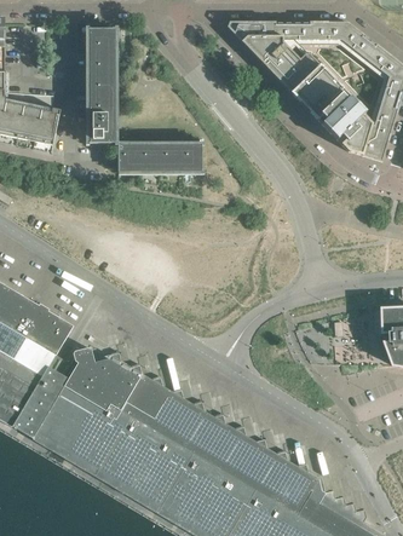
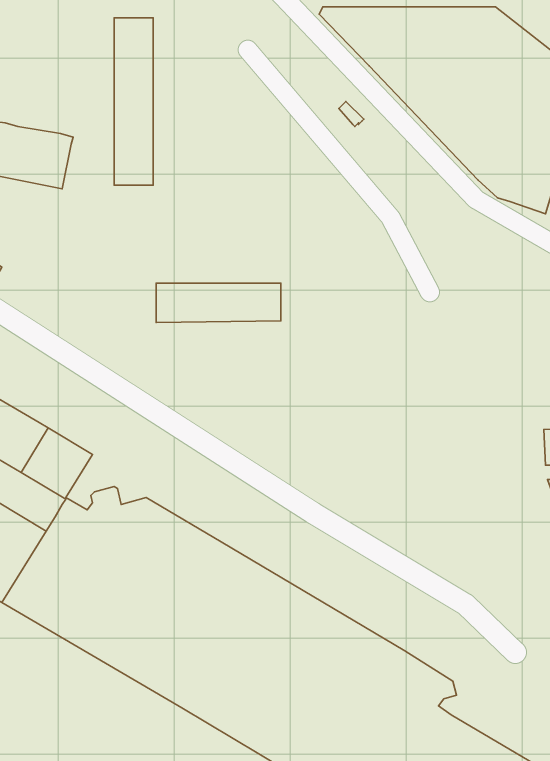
building: [117,145,202,172] -> [156,283,281,323]

